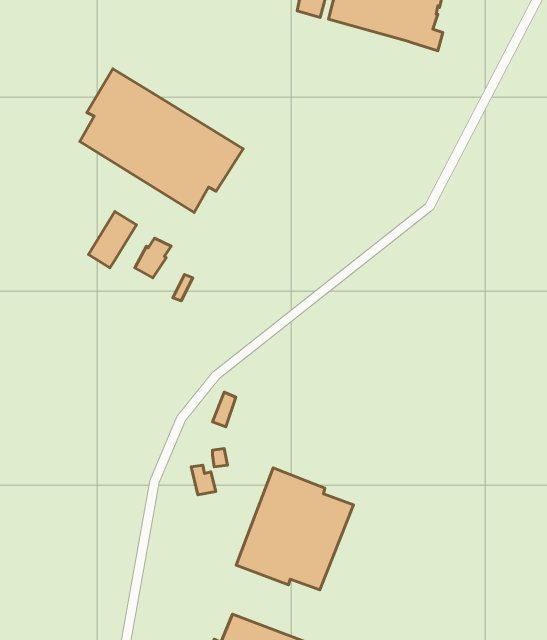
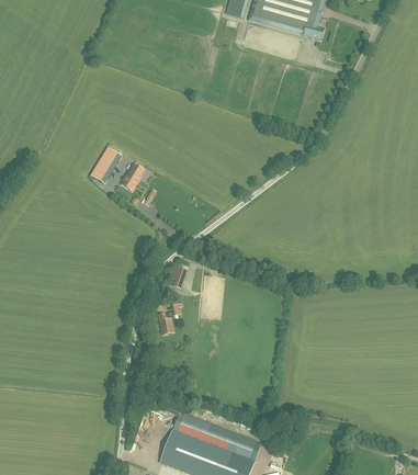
building: [80,69,243,212] -> none
building: [236,468,353,590] -> none

